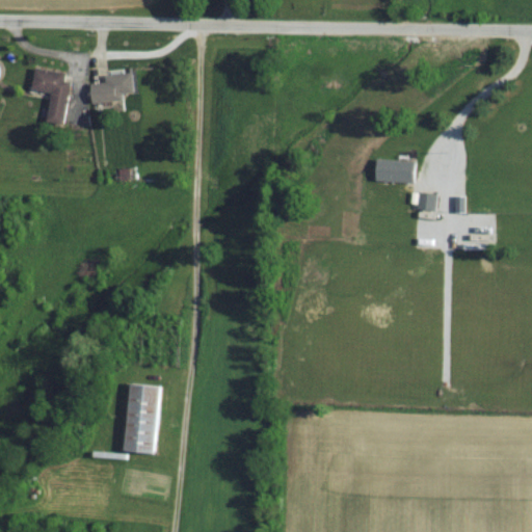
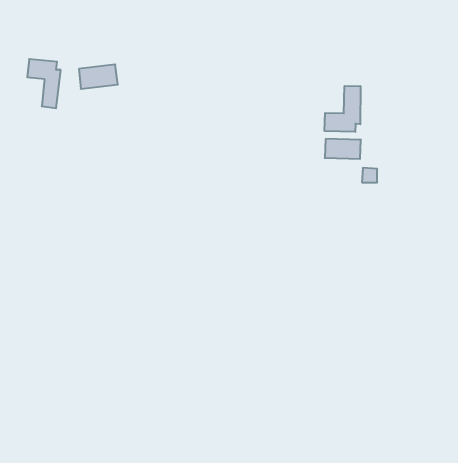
building: none -> [325,86,360,132]
building: [121,383,159,454] -> none

